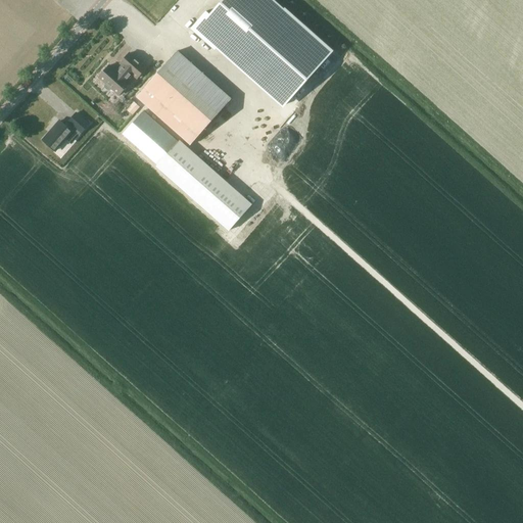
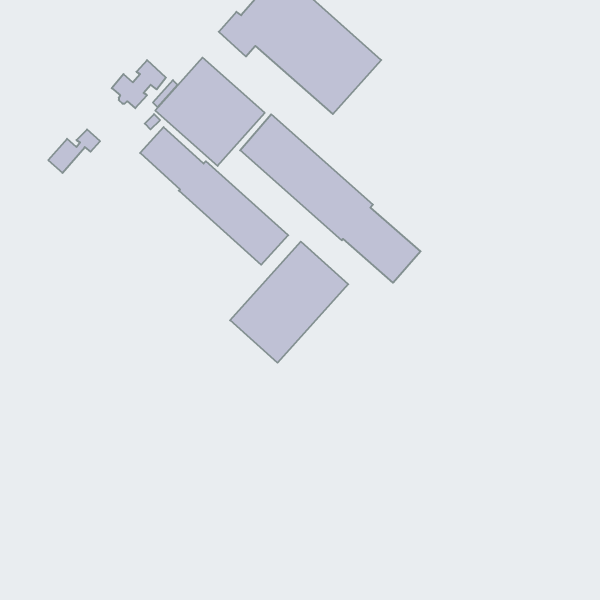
building: none -> [240,114,421,283]
building: none -> [230,242,348,363]

